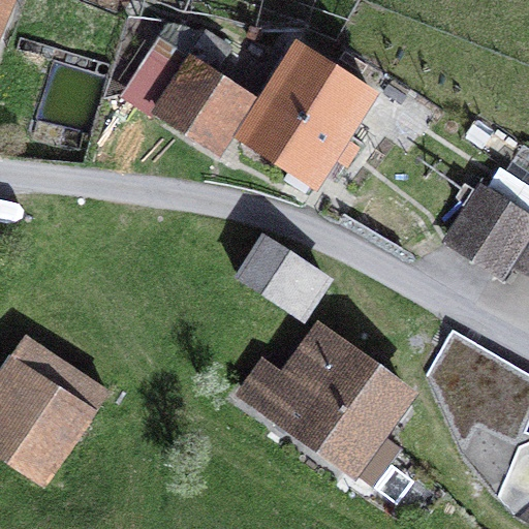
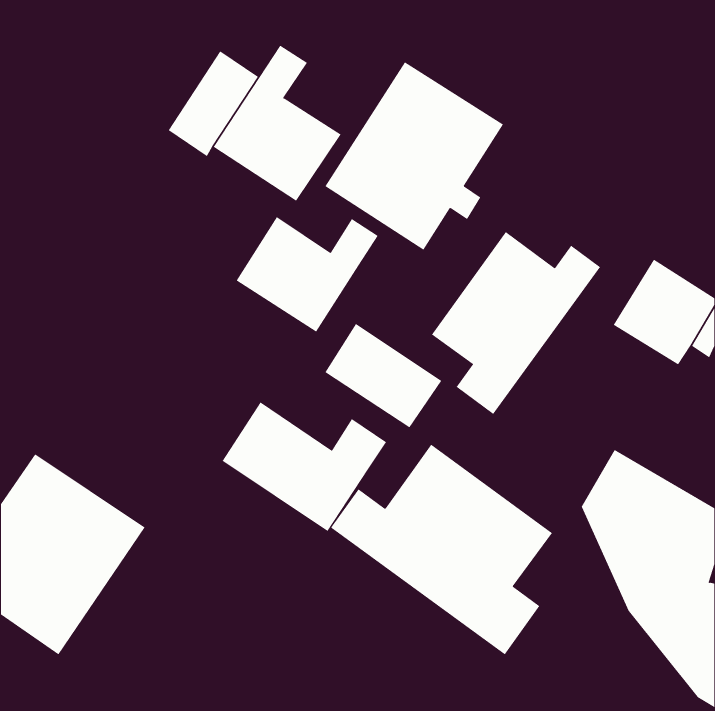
building: none -> [236,216,378,333]
building: none -> [431,231,601,415]
building: none -> [222,402,387,532]

